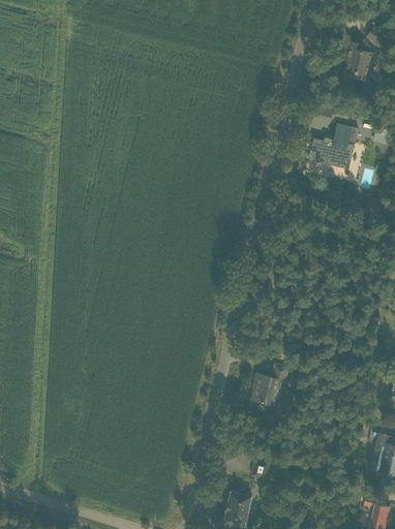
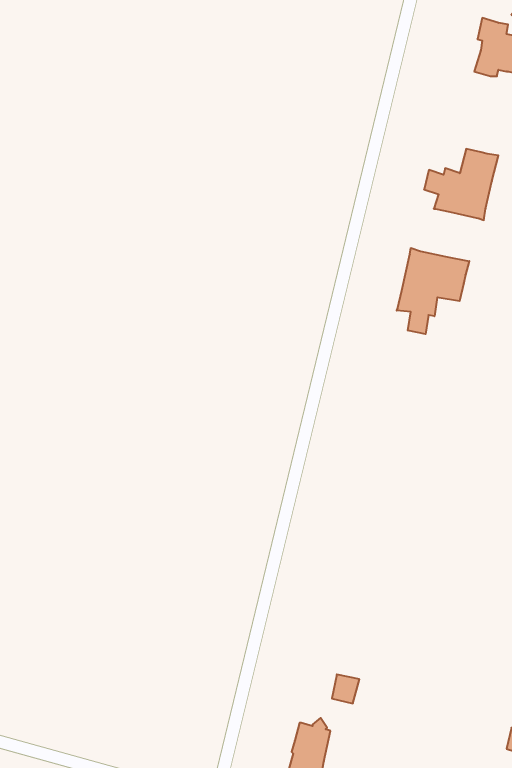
building: none -> [397,248,469,334]
building: [252,365,287,404] -> none

